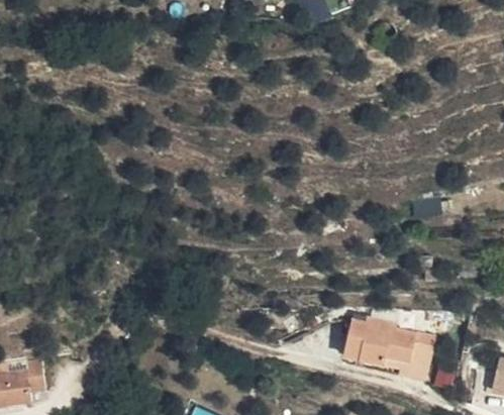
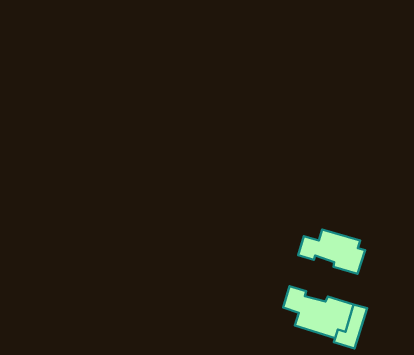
building: none -> [298,229,365,274]

